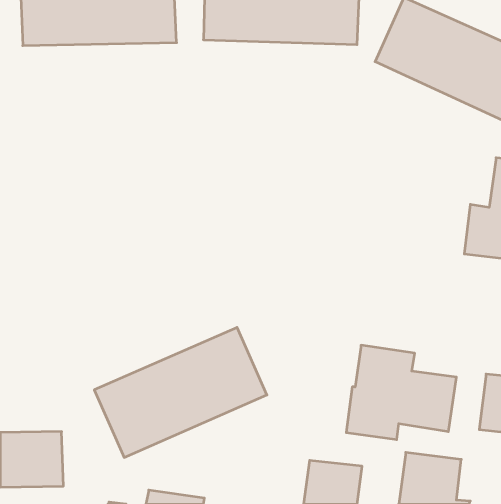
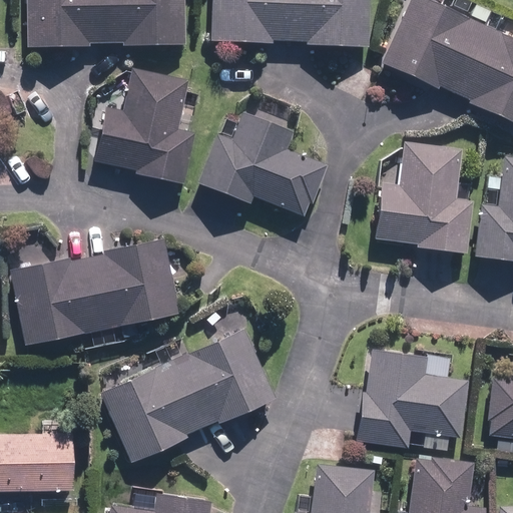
building: none -> [95,69,195,184]
building: none -> [199,116,323,215]
building: none -> [376,143,473,253]
building: none -> [11,241,179,345]

